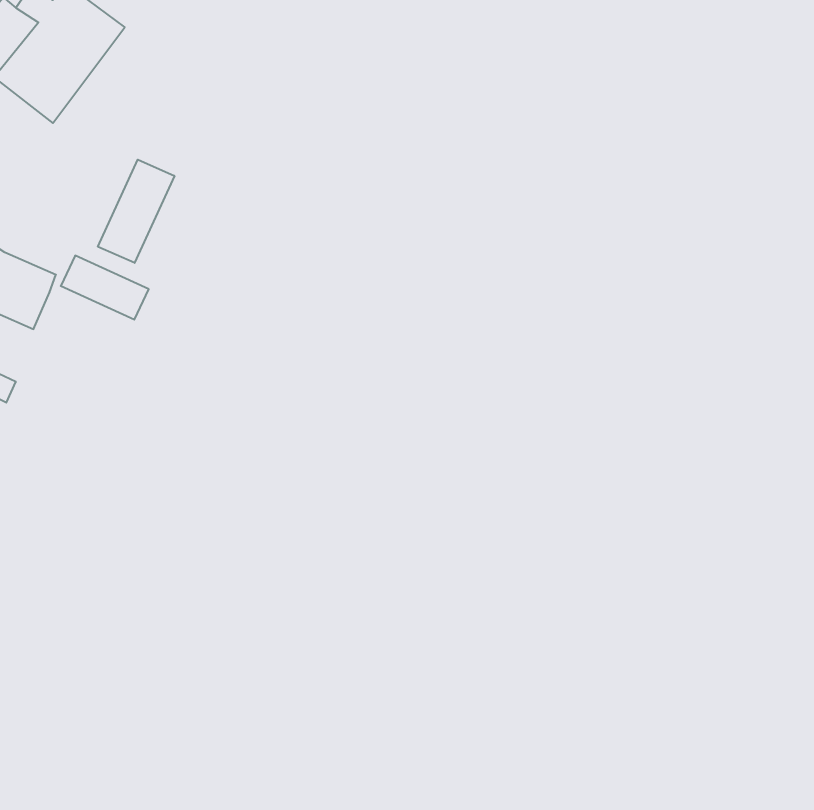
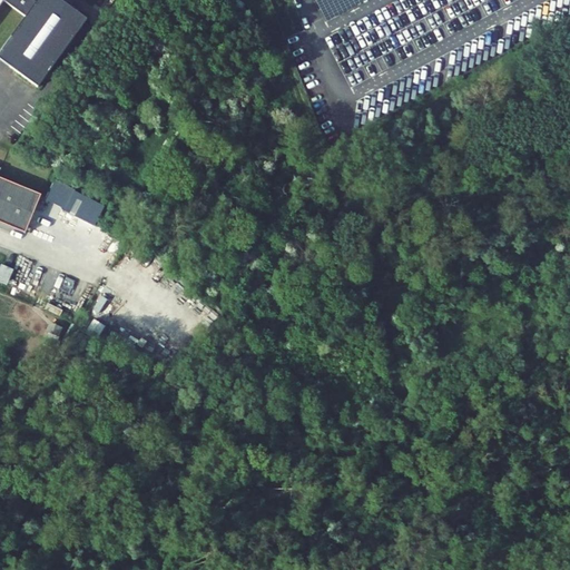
building: [98,160,174,263] -> none

